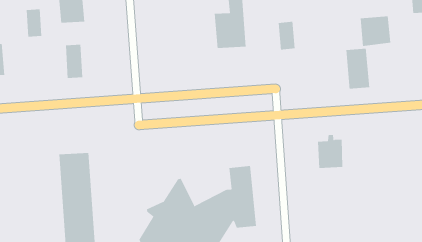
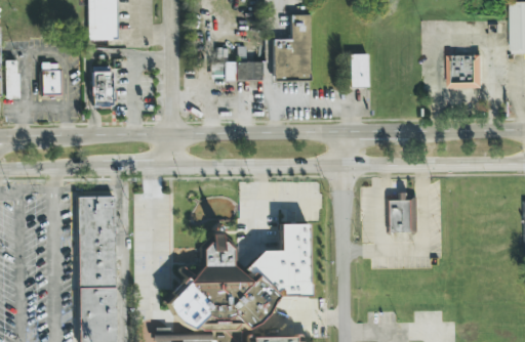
building: [26,9,42,37] -> [43,62,60,95]
building: none -> [211,61,262,80]
building: [346,48,370,90] -> none

